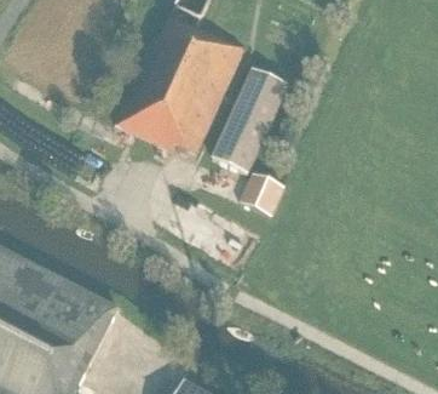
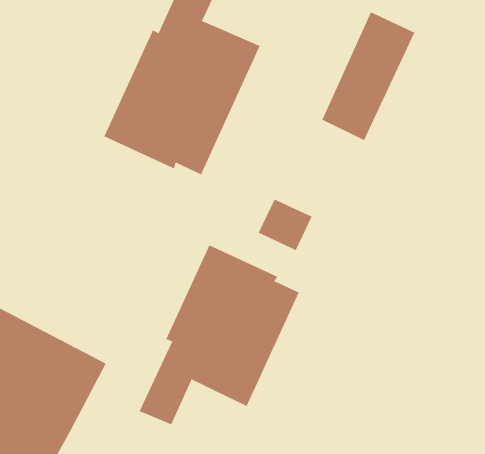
building: [212,69,288,175] -> [322,12,415,141]
building: none -> [139,245,300,425]

